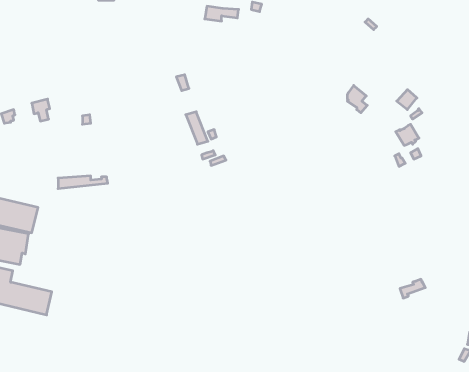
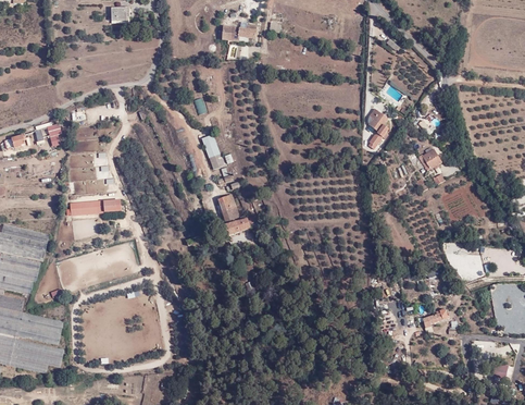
building: none -> [217,194,257,235]

